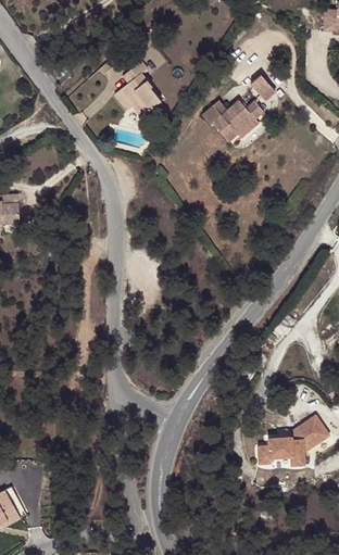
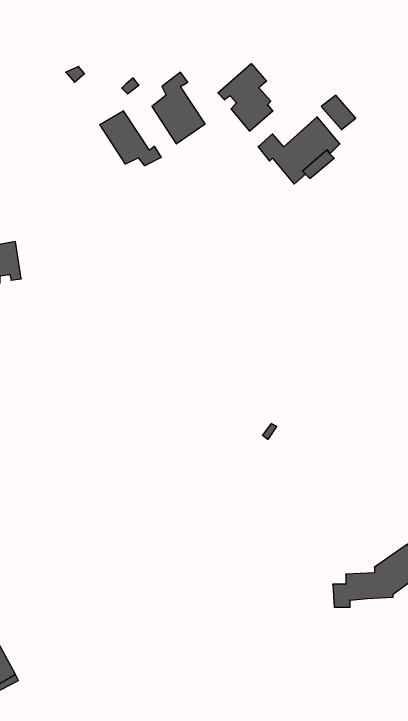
building: none -> [218,64,273,131]
building: none -> [100,111,161,166]

